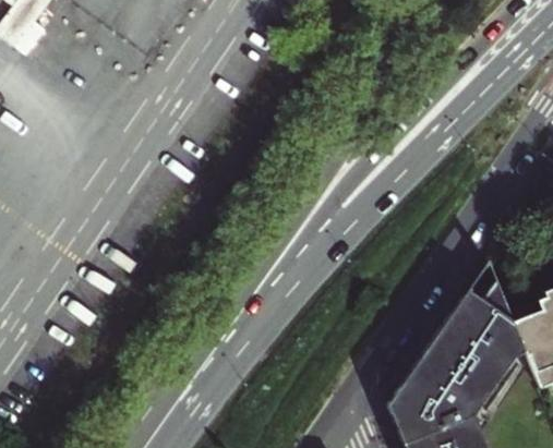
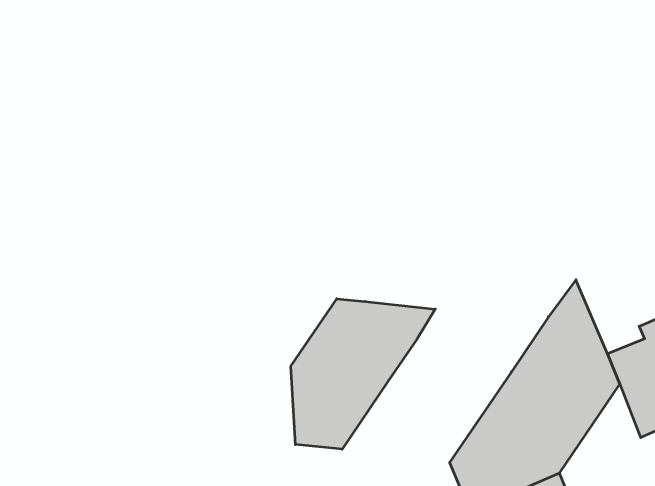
building: none -> [291,299,435,449]

